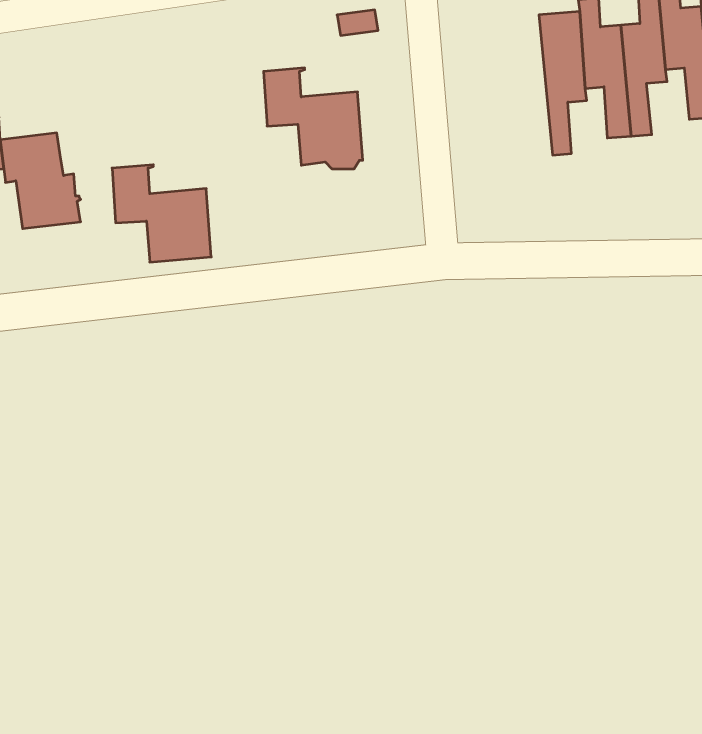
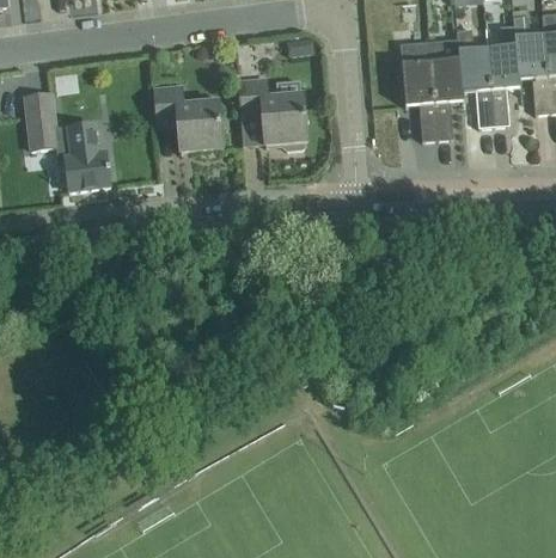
building: none -> [399,39,440,140]
building: [112,165,211,262] -> [153,84,222,152]

